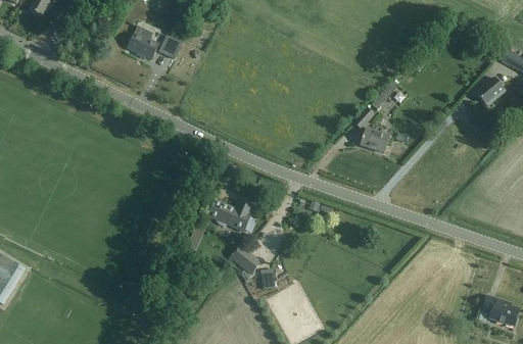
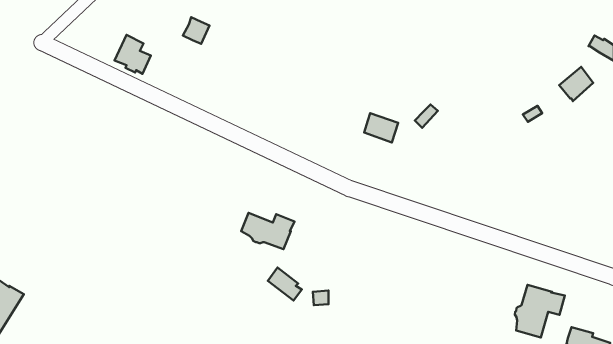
building: [127,26,157,58] -> [114,35,151,74]
building: [360,128,388,152] -> [364,113,398,142]
building: none -> [515,285,565,337]

